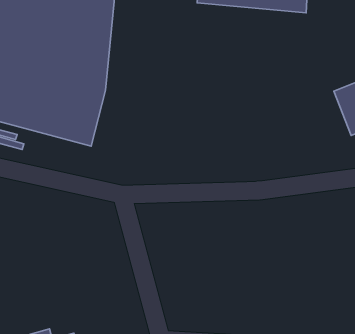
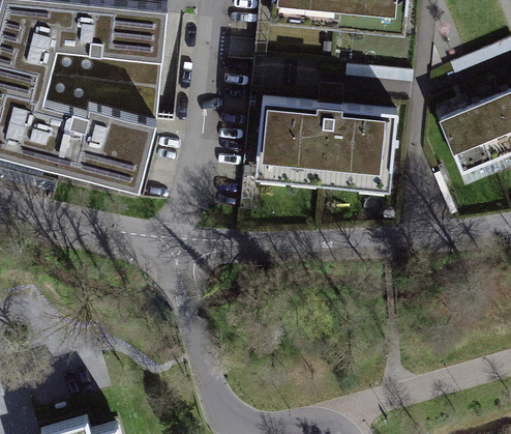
building: none -> [255,93,396,179]

